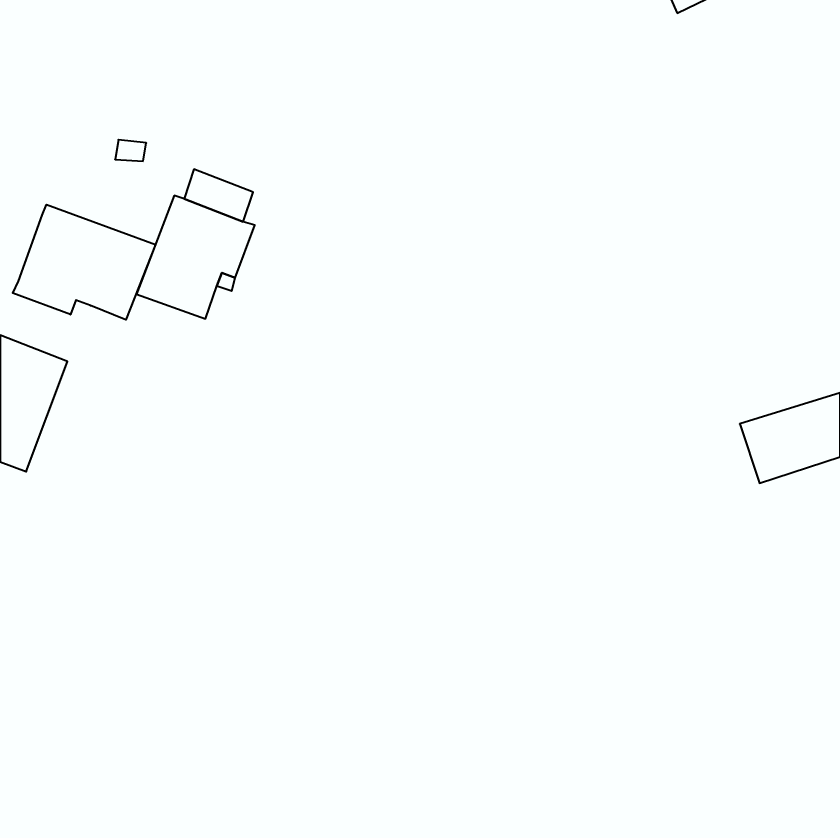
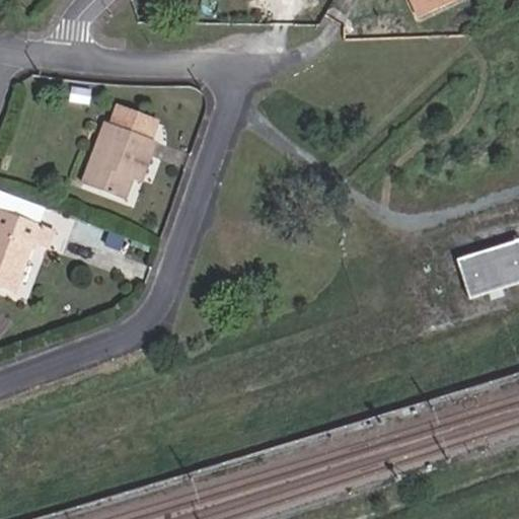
building: [13,205,155,320] -> none

